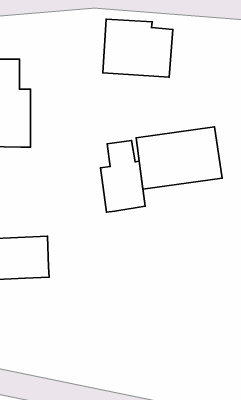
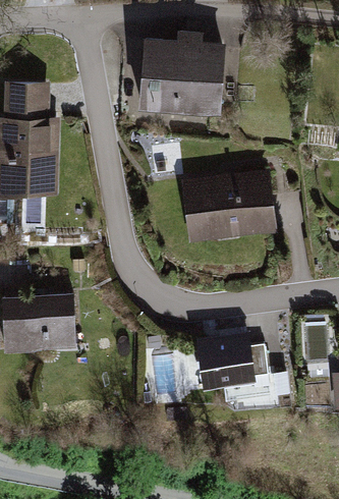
building: [100,140,145,212] -> none
building: none -> [194,334,266,393]

